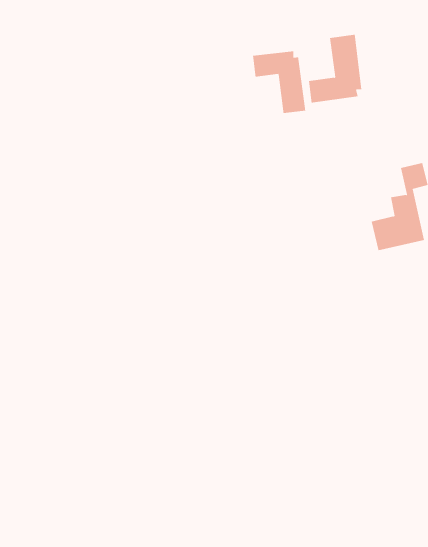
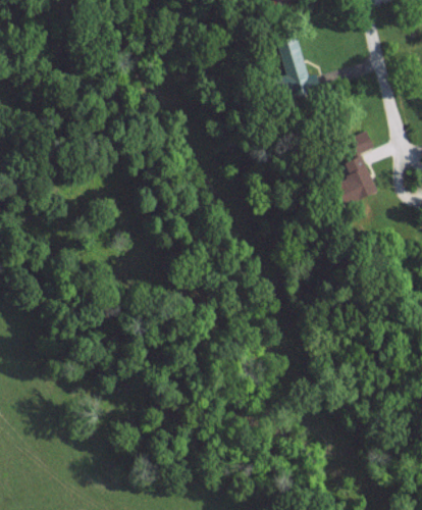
building: [252,50,306,114] -> none

